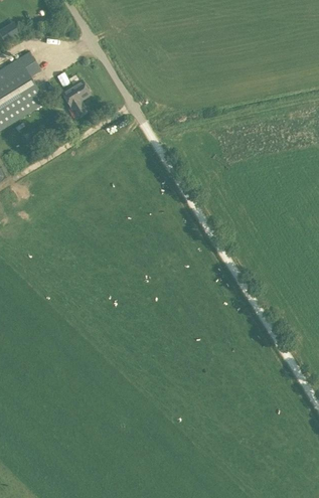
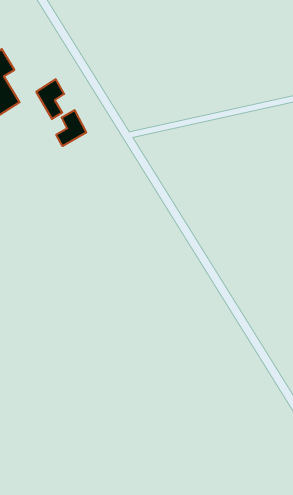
building: none -> [56,110,86,146]

